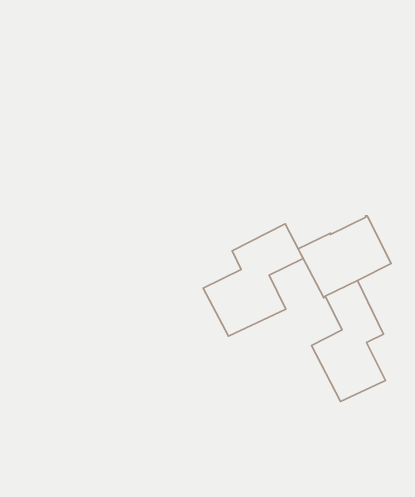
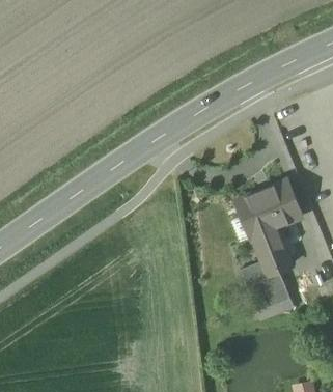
building: [203,224,303,336] -> none

